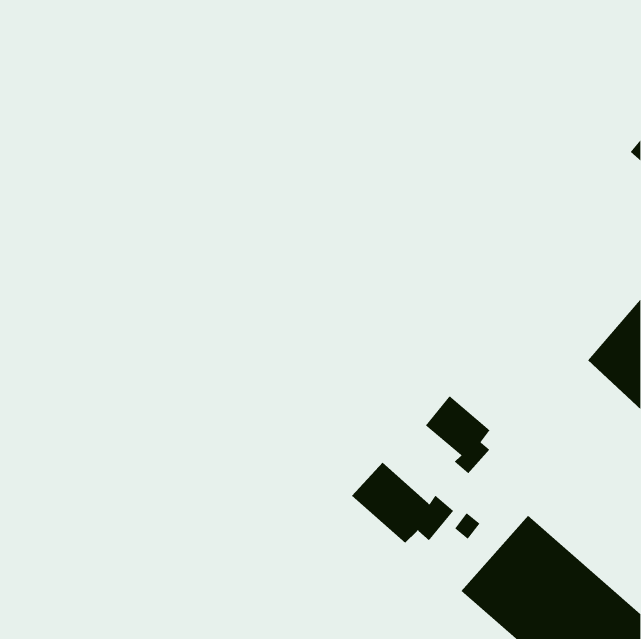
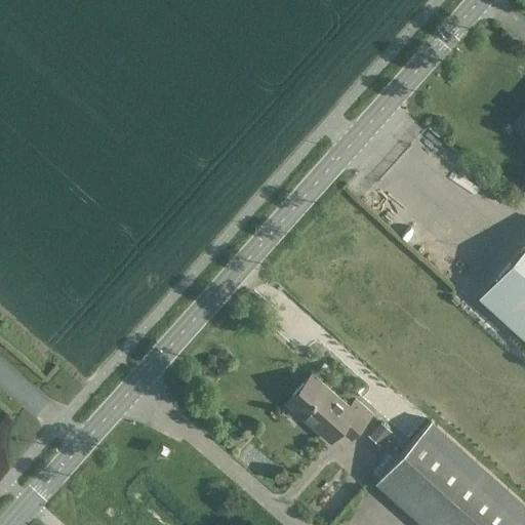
building: [425,395,491,474] -> none

